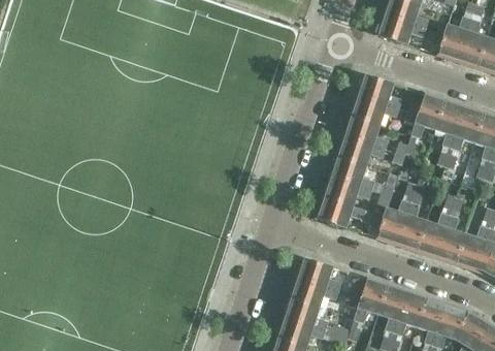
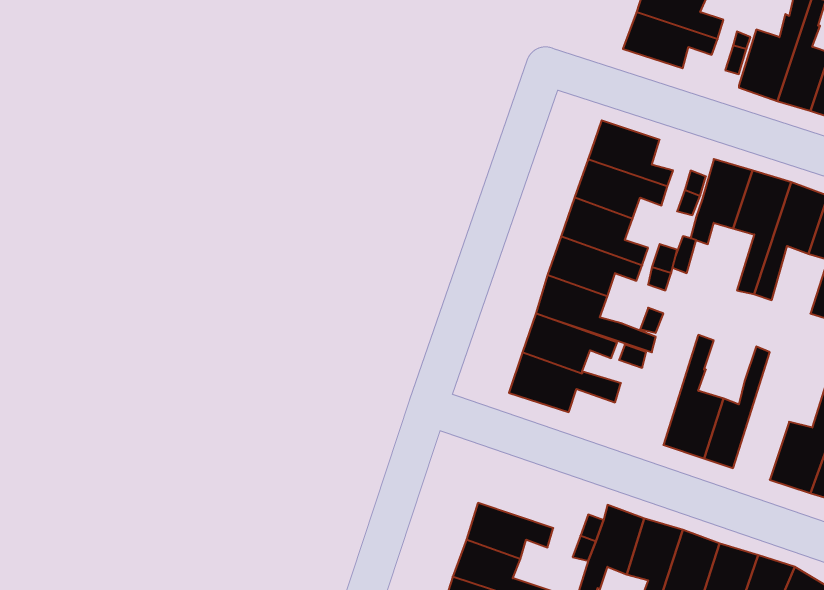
building: [377,184,417,246] -> none
building: [435,196,465,264] -> none
building: [299,257,342,290] -> none

